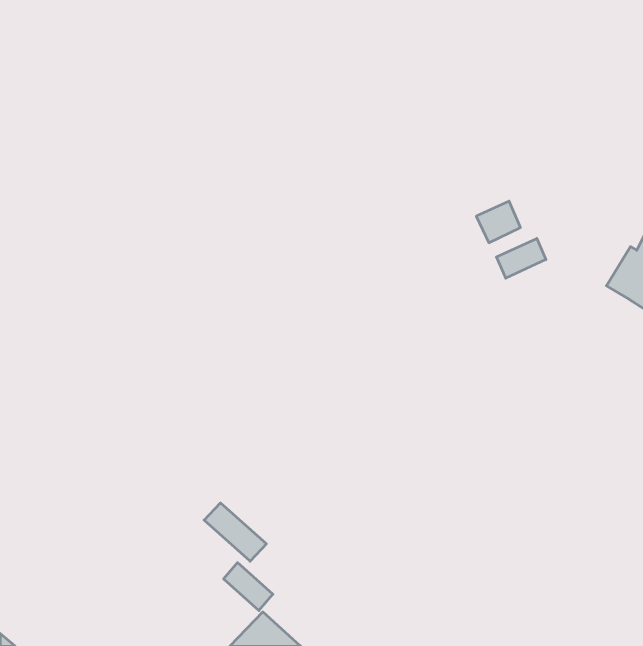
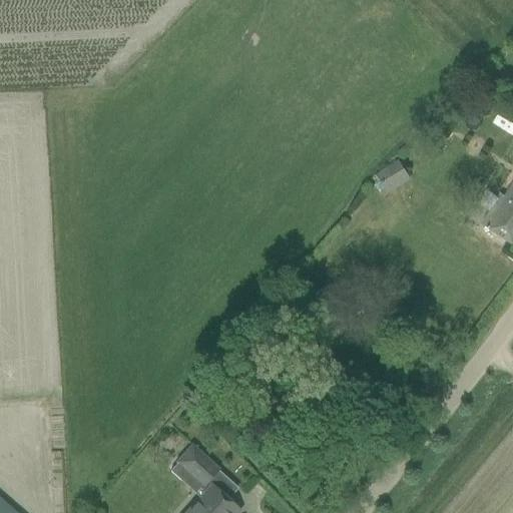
building: [496,238,546,278] -> none
building: [204,503,266,561] -> none

